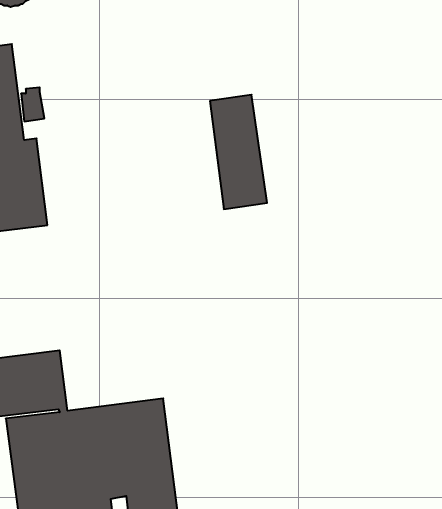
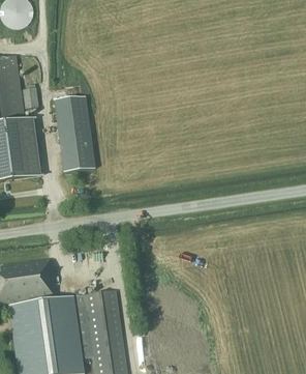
building: [210,95,267,209] -> [56,94,94,171]

